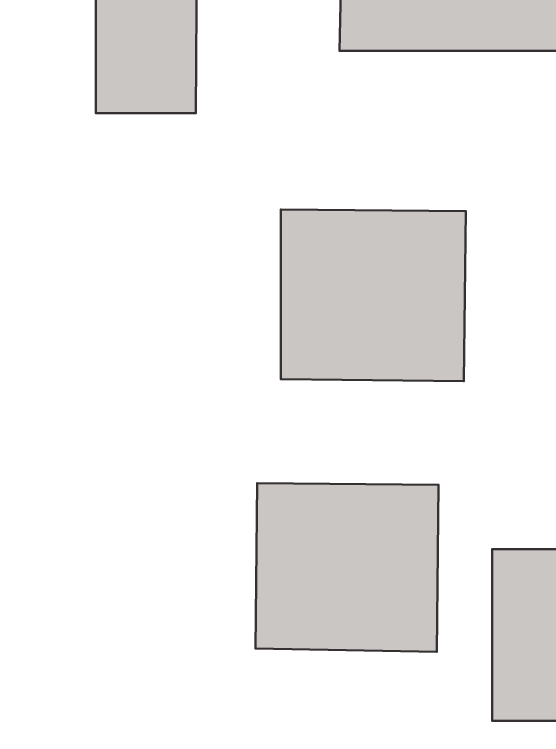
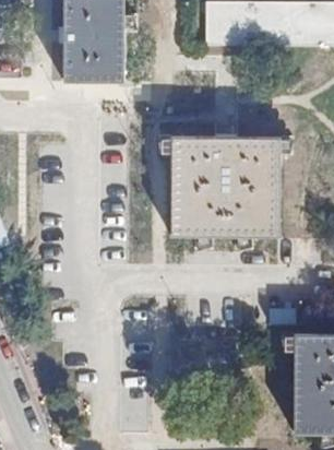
building: [255,483,438,652] -> none

